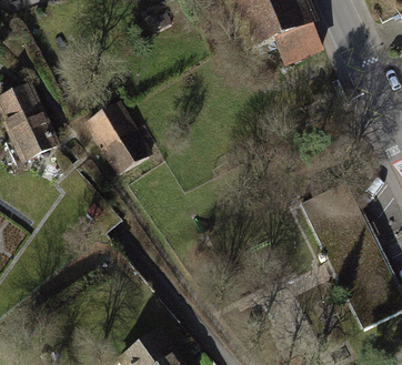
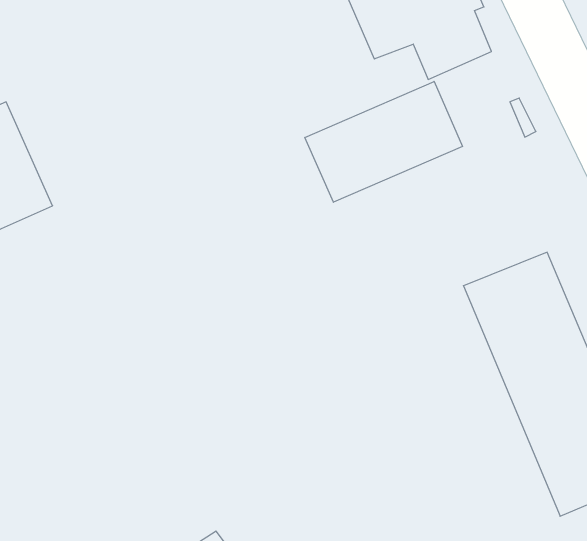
building: none -> [305,81,463,202]
building: [81,103,147,176] -> none

